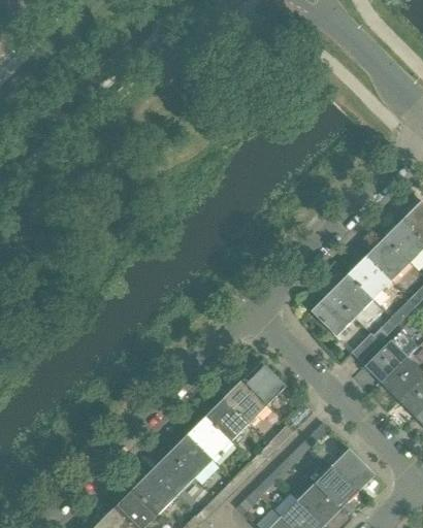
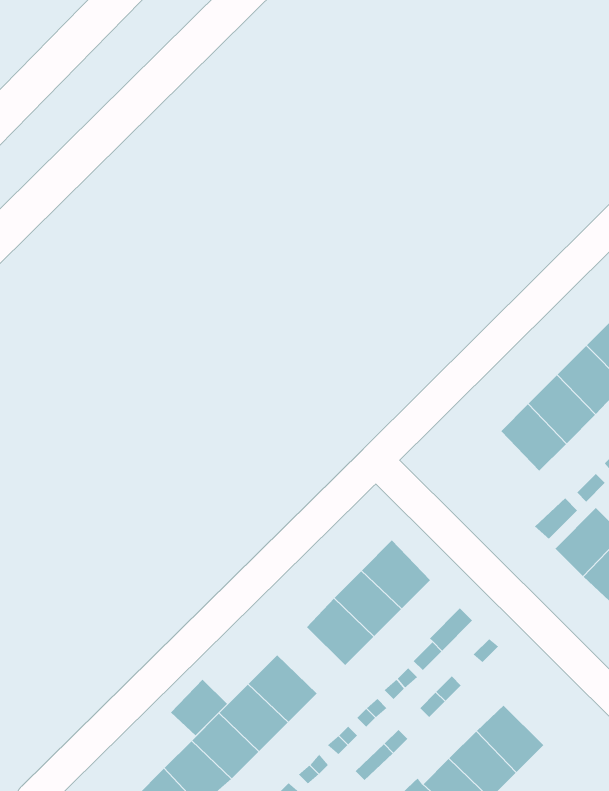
building: [312,292,355,336] -> none
building: [188,417,231,459] -> none
building: [332,449,376,492] -> none
building: none -> [170,679,228,736]

